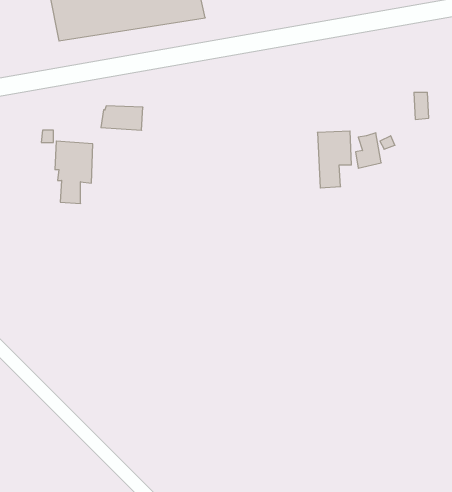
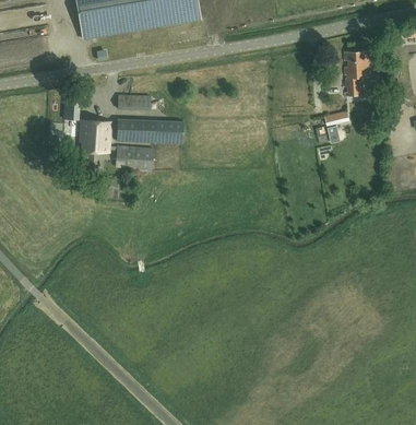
building: [317,131,351,188] -> [343,50,370,96]
building: none -> [115,117,182,143]
building: none -> [115,145,152,170]

